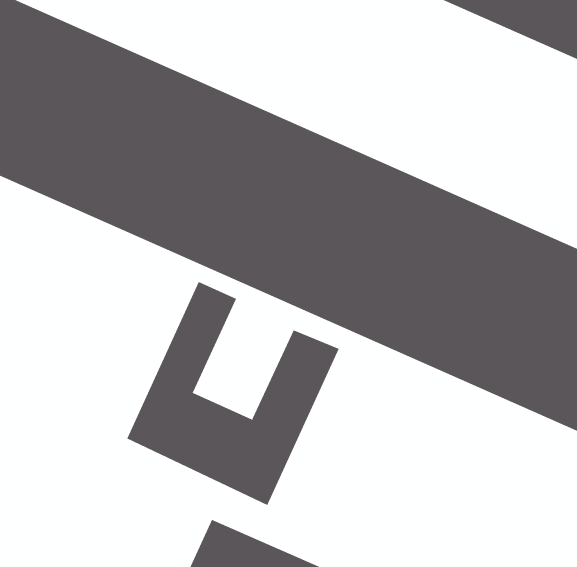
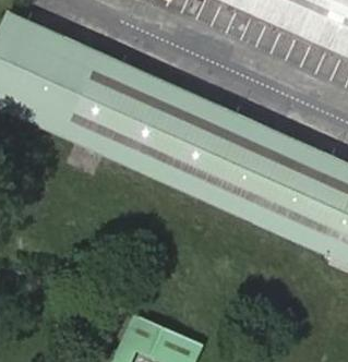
building: [127,281,340,506] -> none

